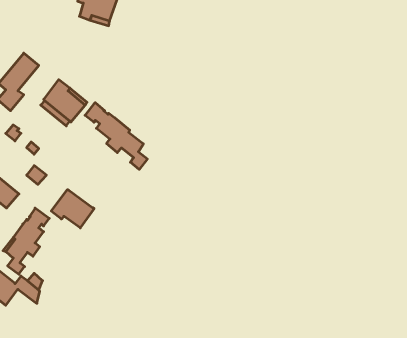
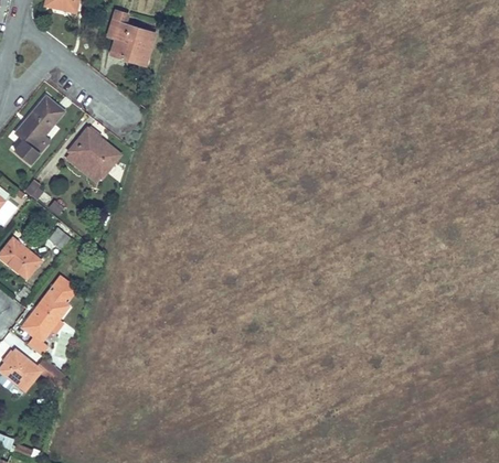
building: [85,103,147,169] -> none
building: [51,190,94,228] -> none

